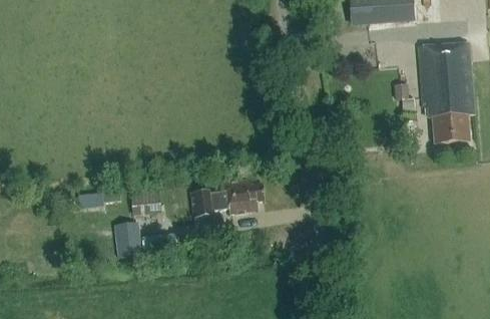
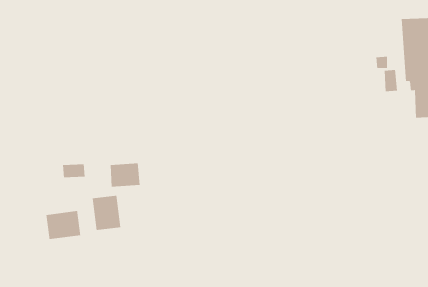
building: [188,179,260,217] -> none
building: none -> [46,210,81,240]

